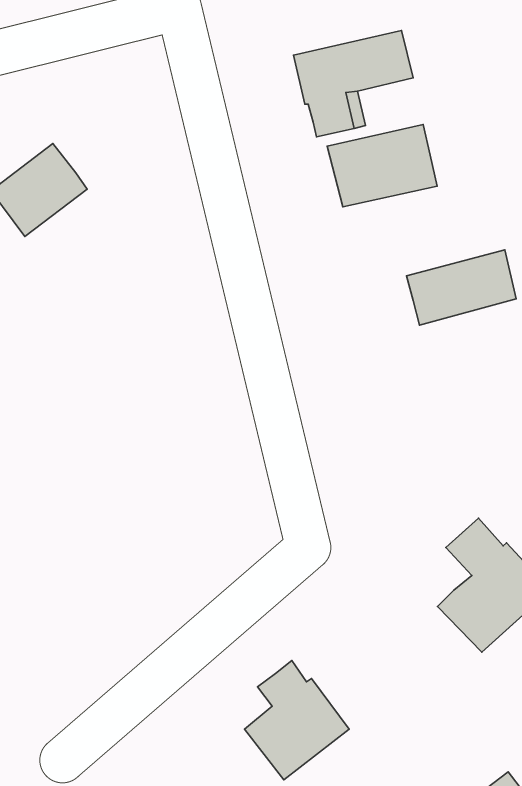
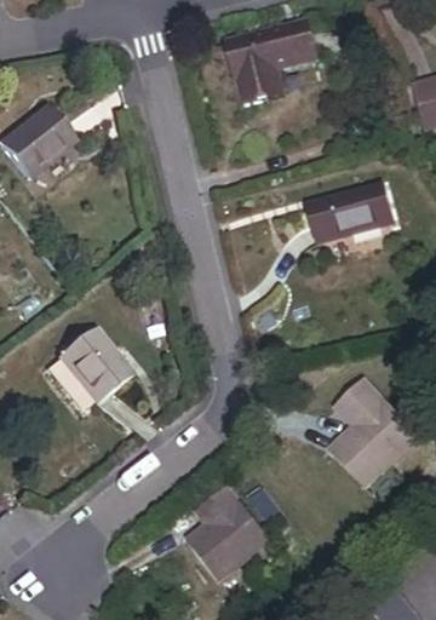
building: [327,124,437,207] -> none
building: none -> [61,327,131,401]

